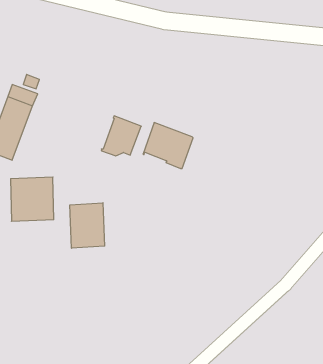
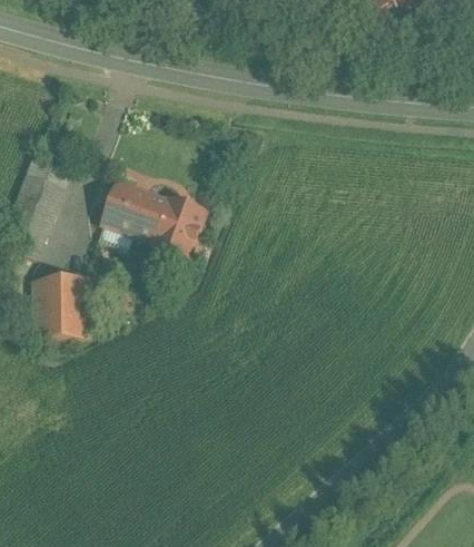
building: [143,123,193,168] -> [102,176,168,236]
building: [70,203,105,248] -> none

